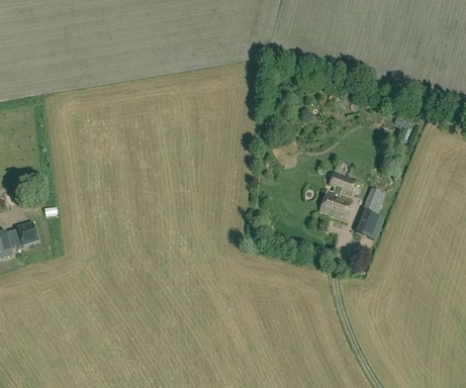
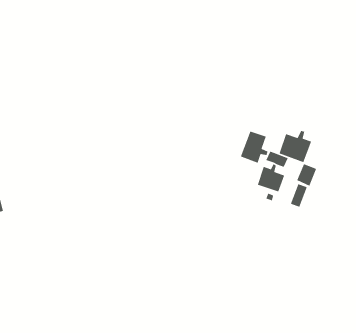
building: none -> [278,130,312,163]
building: none -> [240,130,268,164]

